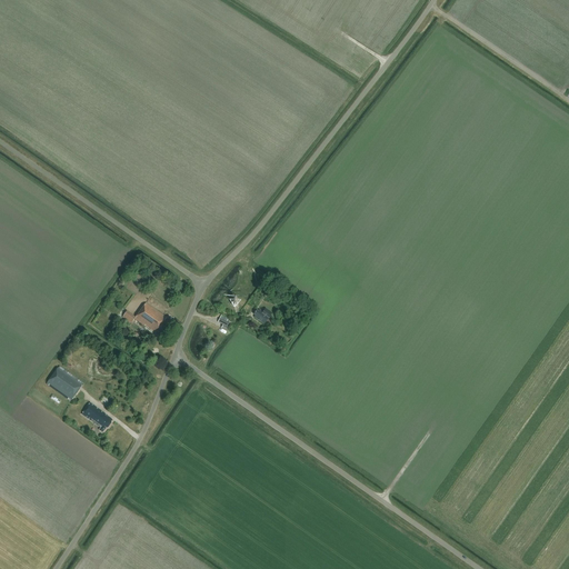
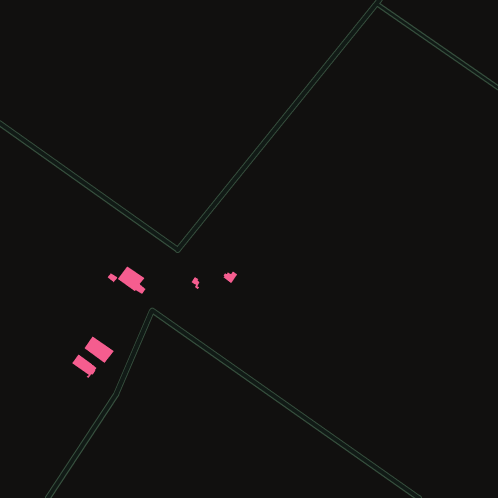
building: [46,367,81,399] -> [83,336,115,364]

